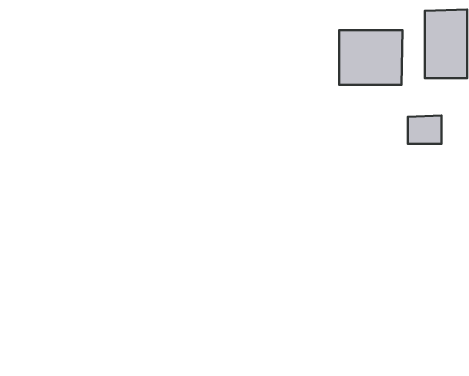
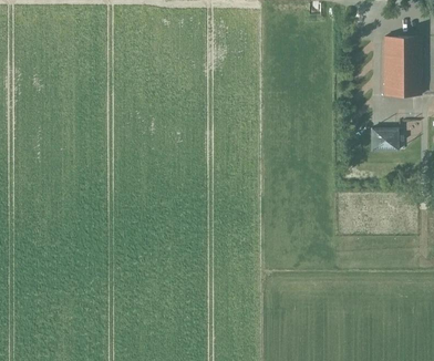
building: [339,30,403,85] -> none

